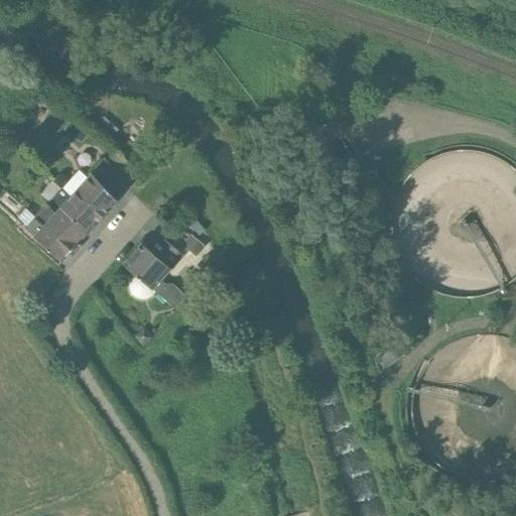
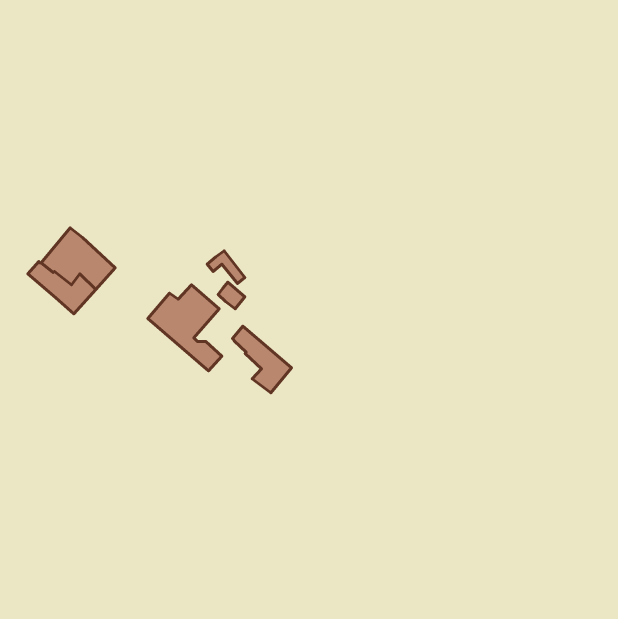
building: [69,160,128,223] -> none
building: none -> [233,326,291,393]

